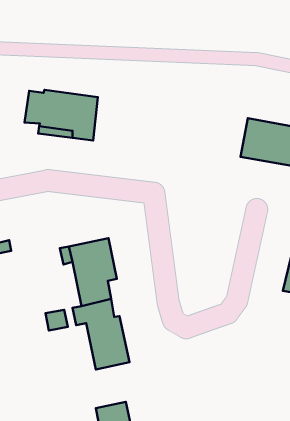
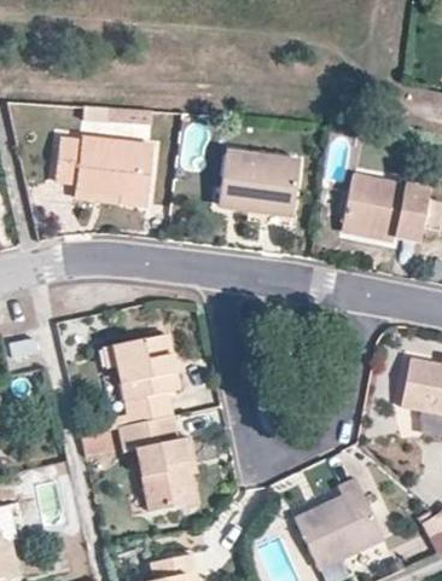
building: none -> [217,153,298,213]
building: none -> [296,478,382,568]

